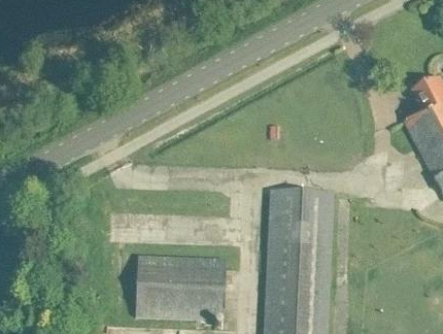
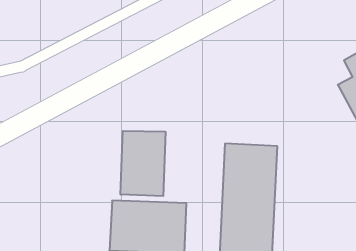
building: none -> [121,131,165,196]

